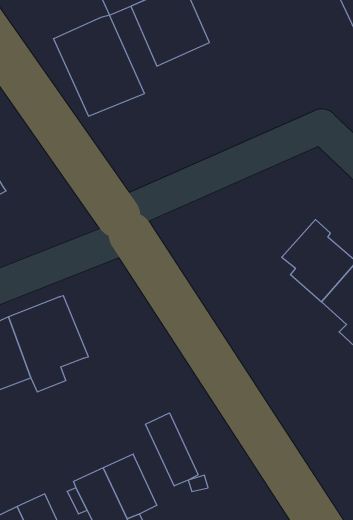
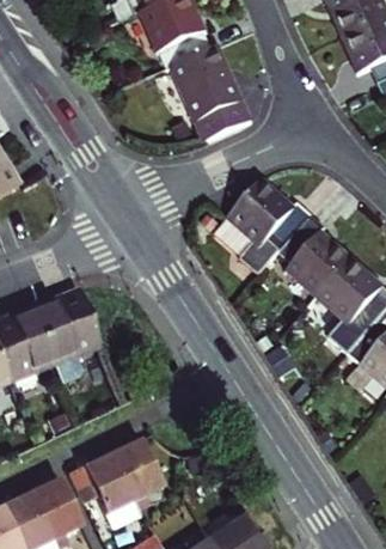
building: [53,15,144,116] -> [165,44,252,141]
building: none -> [217,181,312,274]
building: [146,413,198,486] -> none

